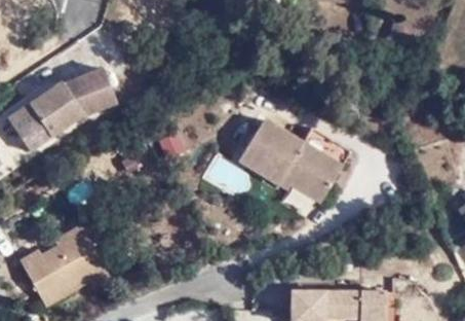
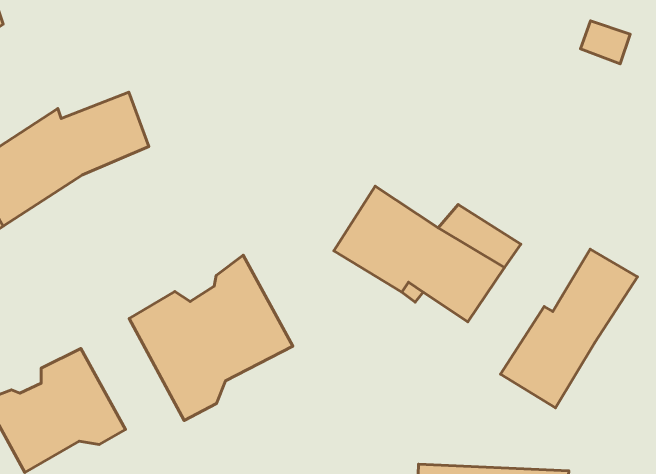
building: none -> [500,249,638,408]
building: none -> [129,255,293,420]

